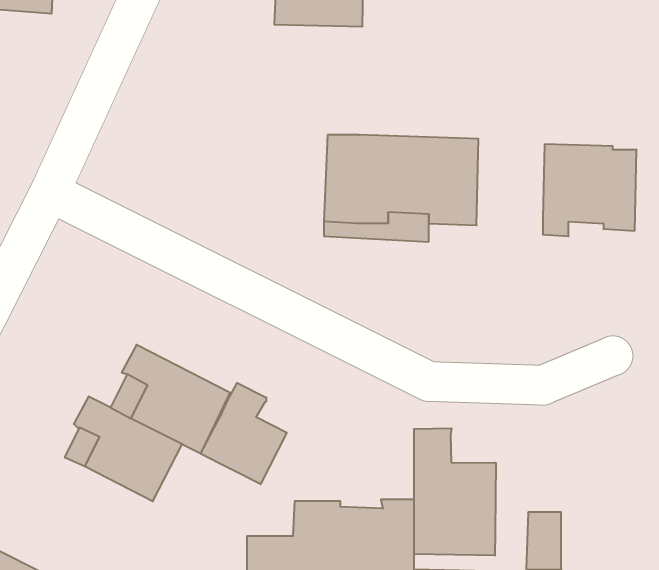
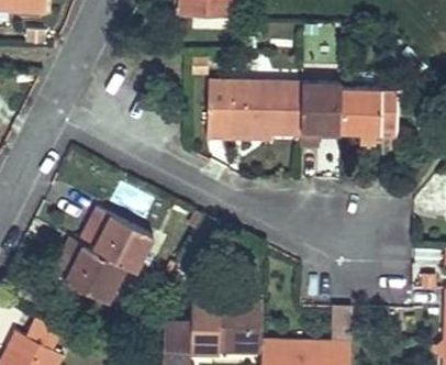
building: none -> [300,85,341,150]
building: [201,383,287,484] -> none
building: [414,428,496,556] -> none

